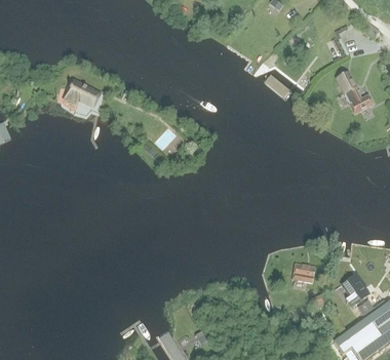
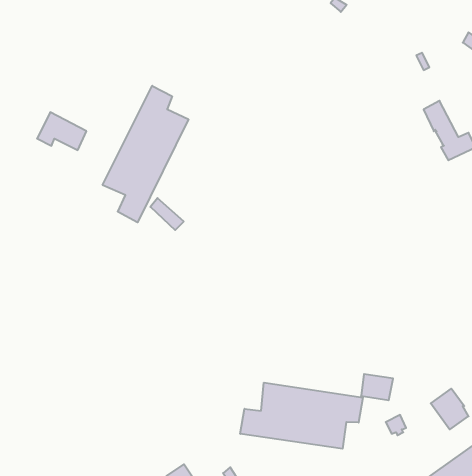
building: none -> [103,86,188,222]
building: none -> [240,383,363,449]

